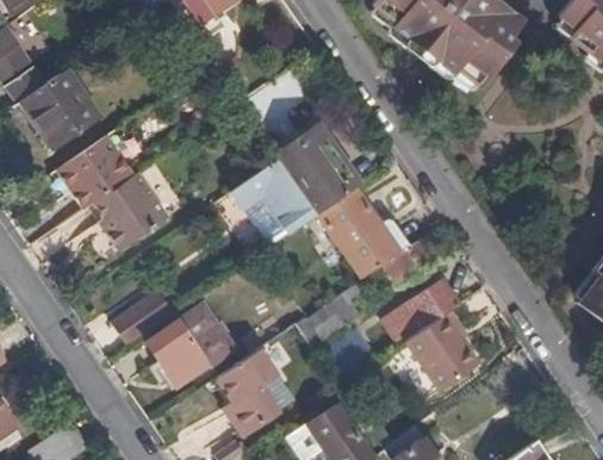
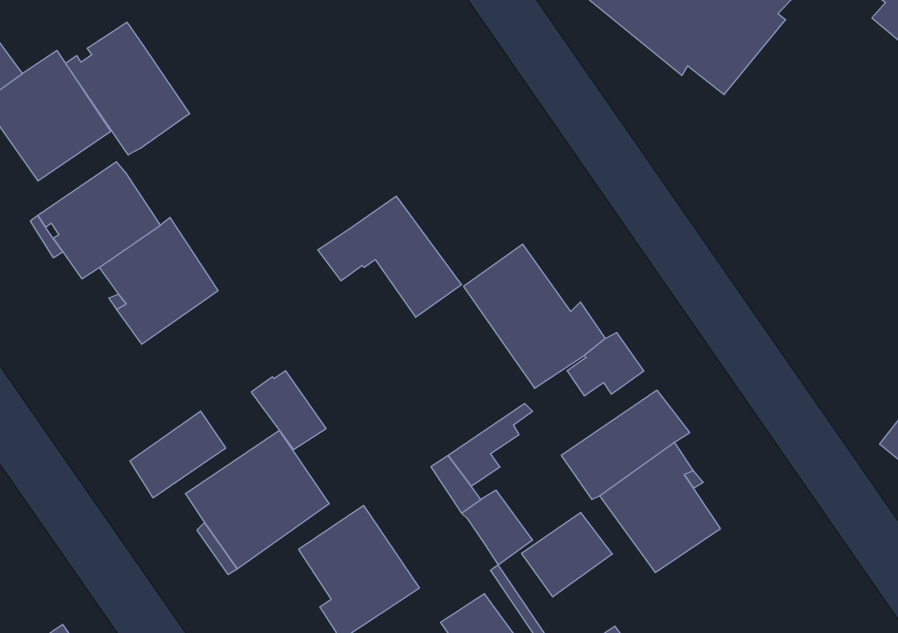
building: none -> [66,22,190,155]
building: [278,130,356,213] -> none
building: [243,197,290,245] -> [251,371,326,450]
building: none -> [522,513,612,597]

